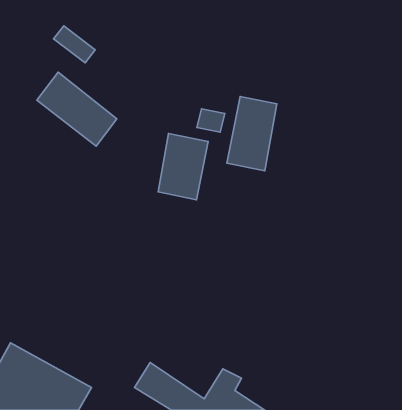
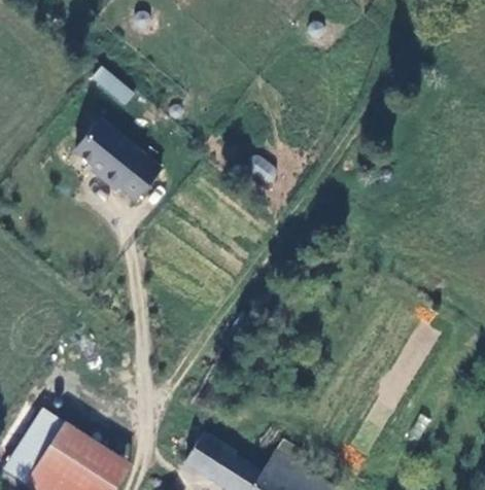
building: [227,96,277,171] -> none
building: [158,133,208,200] -> none

